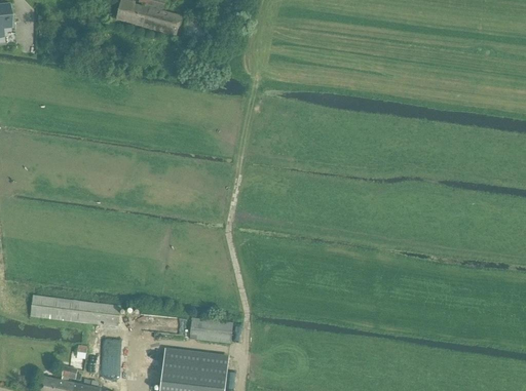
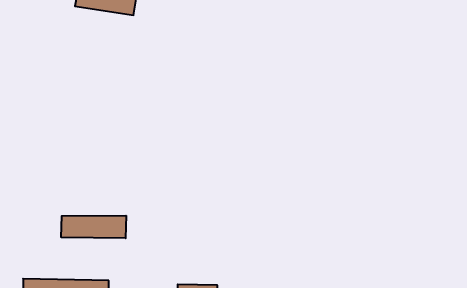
building: none -> [61,216,126,238]

